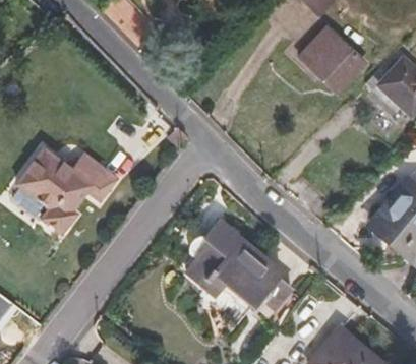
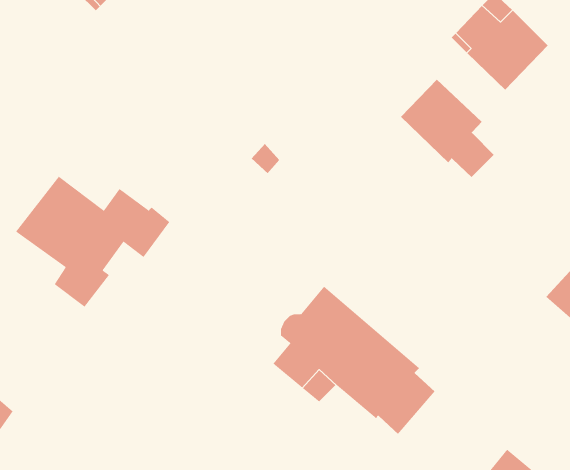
building: none -> [400,79,495,178]

